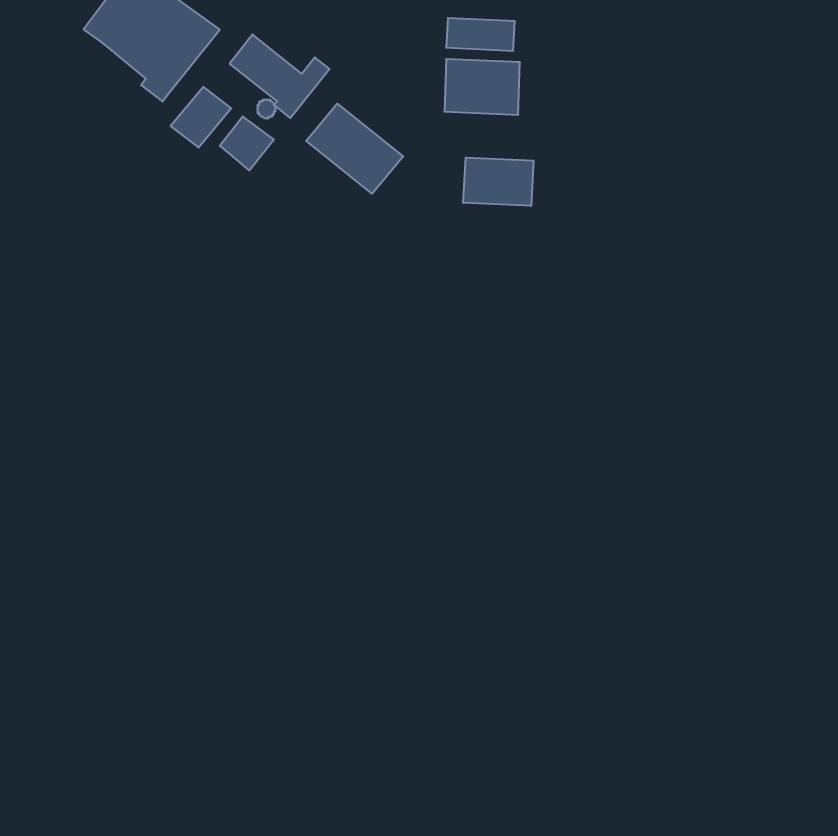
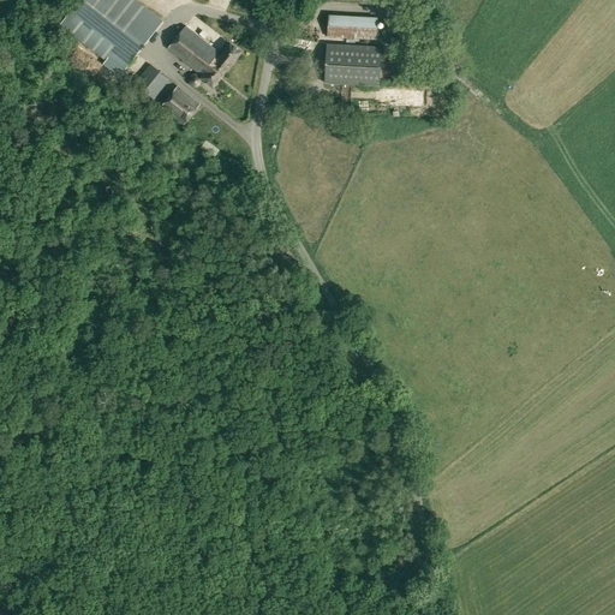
building: [306,104,403,194] -> none
building: [463,157,534,206] -> none

